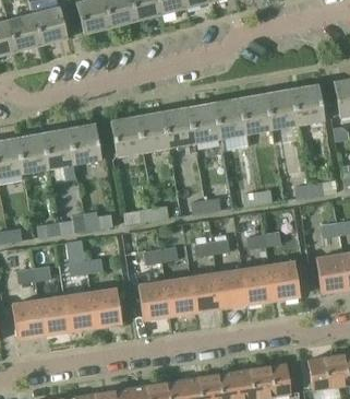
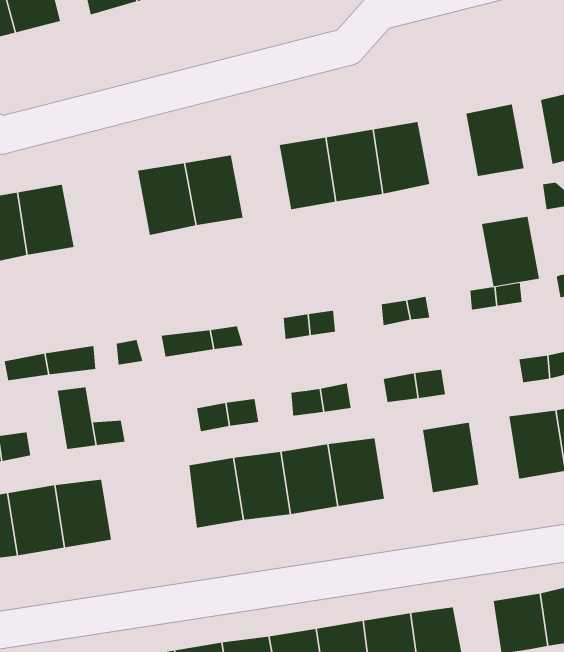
building: [266,89,299,128] -> [481,216,540,287]
building: [162,106,195,146] -> none
building: [69,122,101,163] -> none
building: [242,265,274,303] -> none
building: [90,287,122,326] -> none

